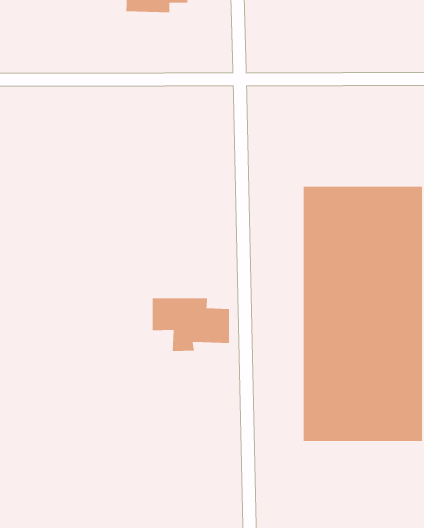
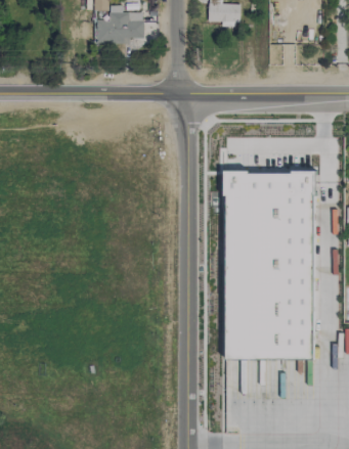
building: [152,297,230,352] -> none

